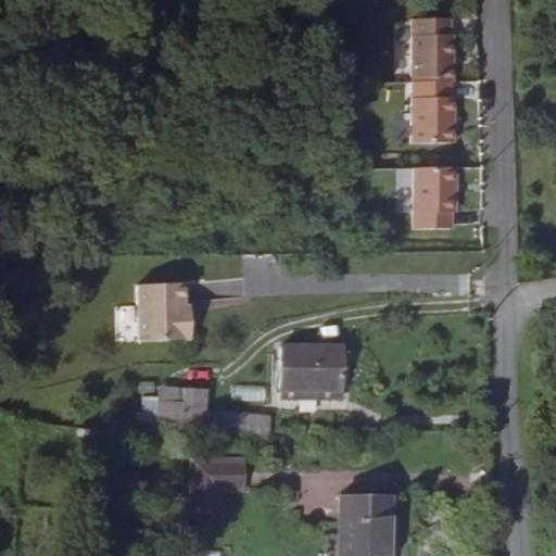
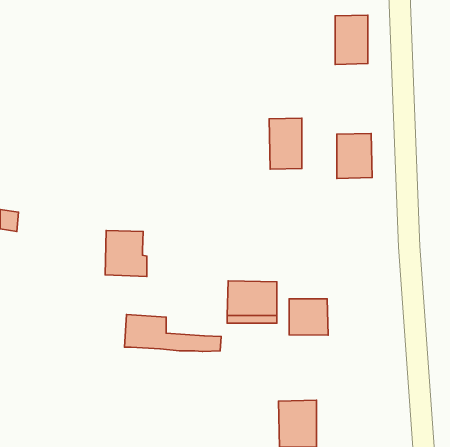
building: [414,78,454,141] -> [269,118,302,169]
building: none -> [289,299,328,335]
building: [200,467,243,509] -> none

